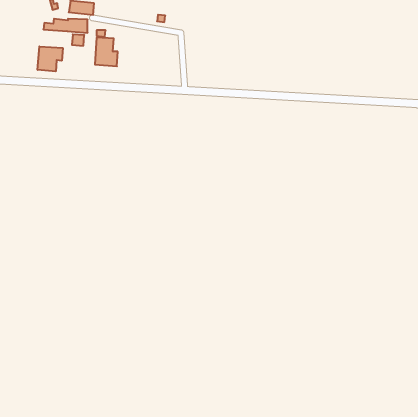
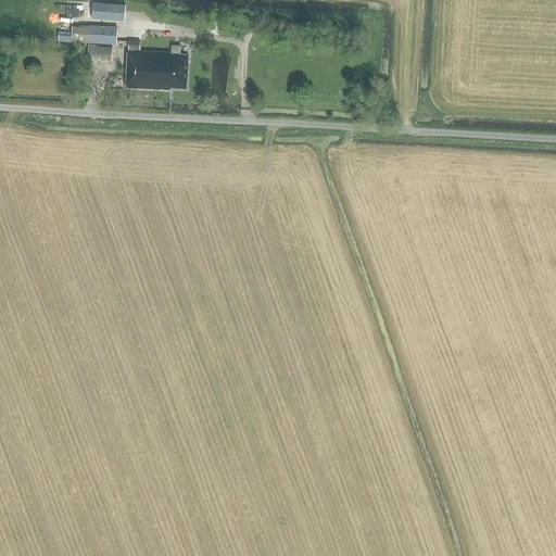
building: none -> [150,45,188,89]
building: [38,46,63,71] -> none

